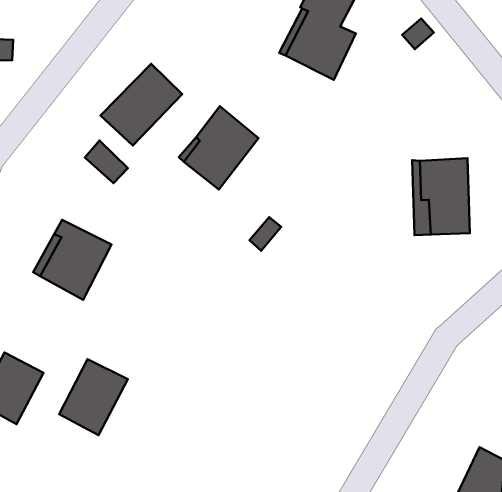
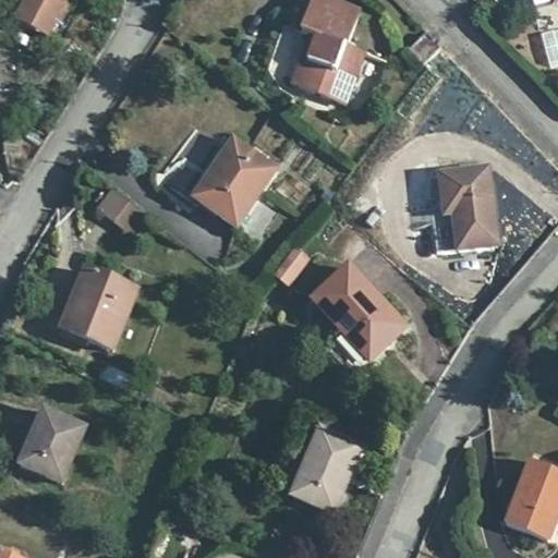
building: [101,64,182,146] -> none
building: none -> [315,264,407,360]
building: [59,359,128,435] -> none
building: none -> [292,427,361,510]

